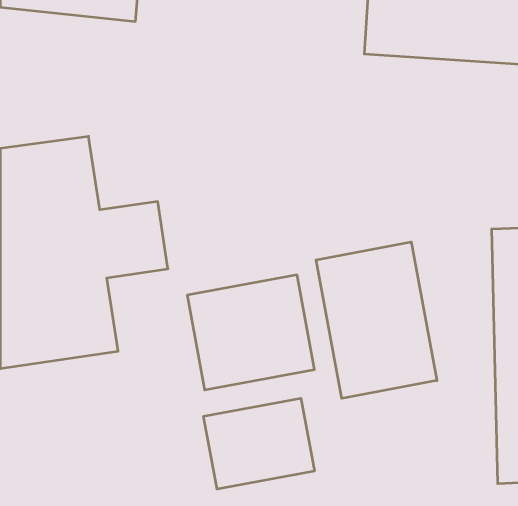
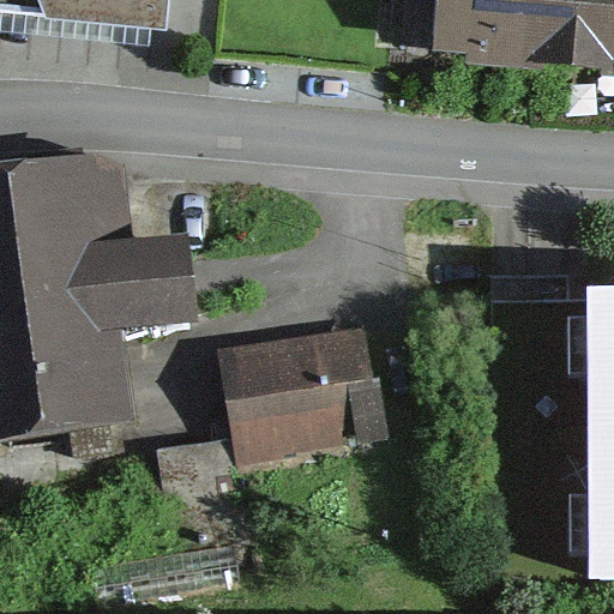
building: [316,242,437,398] -> none
building: [204,398,314,489] -> none

